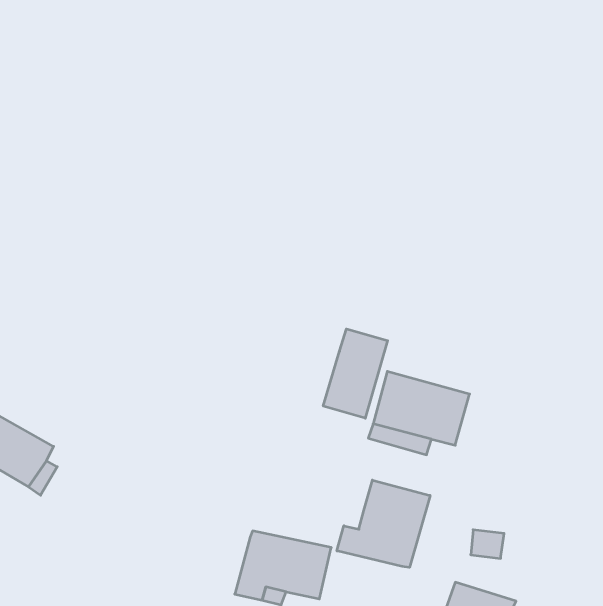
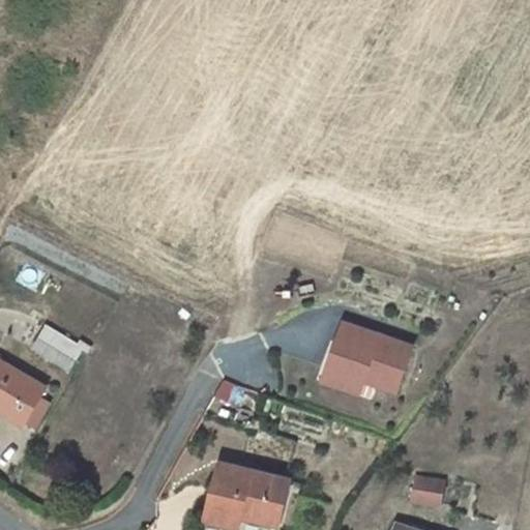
building: [323,329,388,418] -> none
building: none -> [33,330,96,375]
building: [337,480,430,567] -> none

